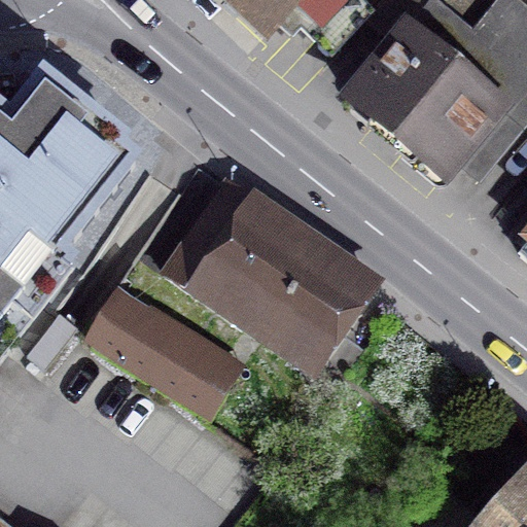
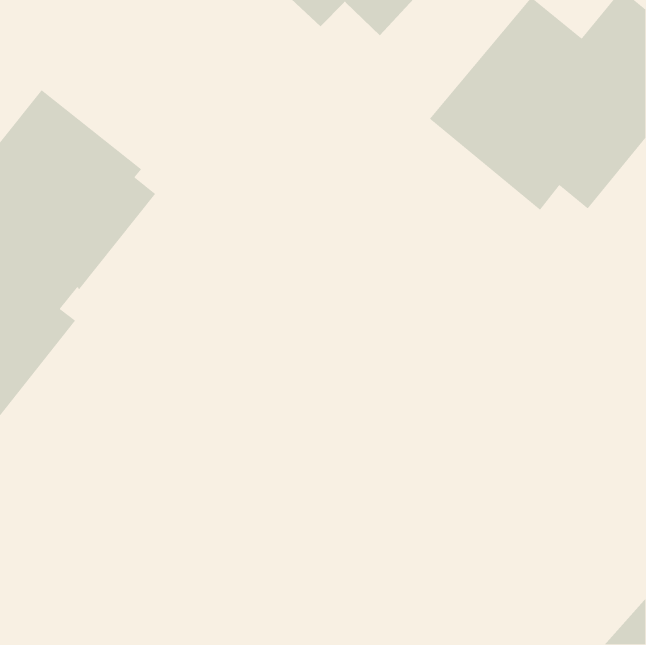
building: [153,174,352,349] -> none
building: [79,293,217,408] -> none

